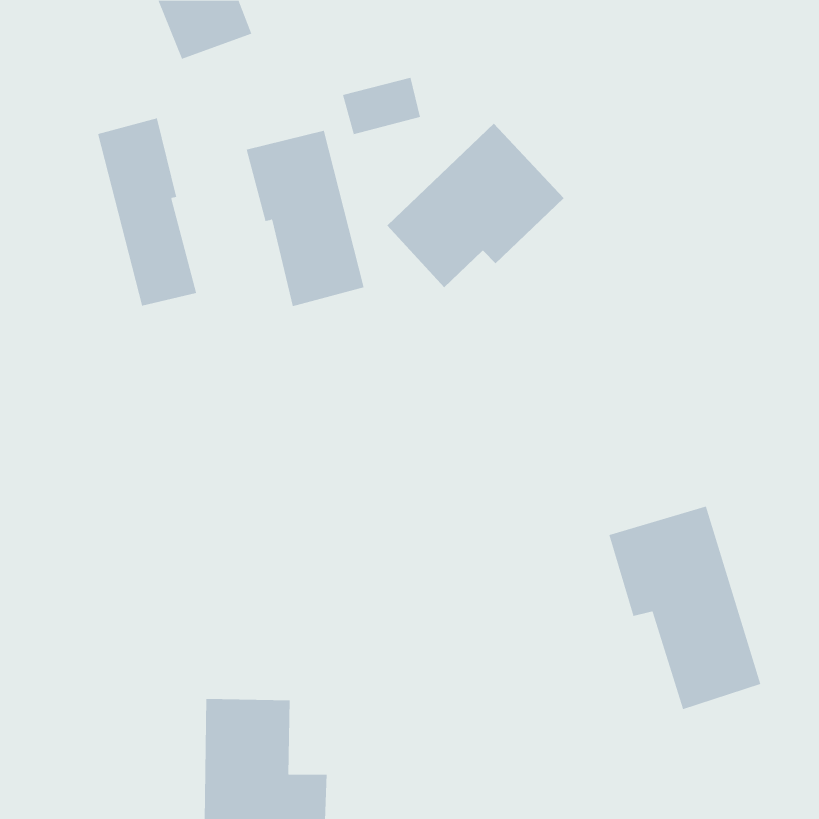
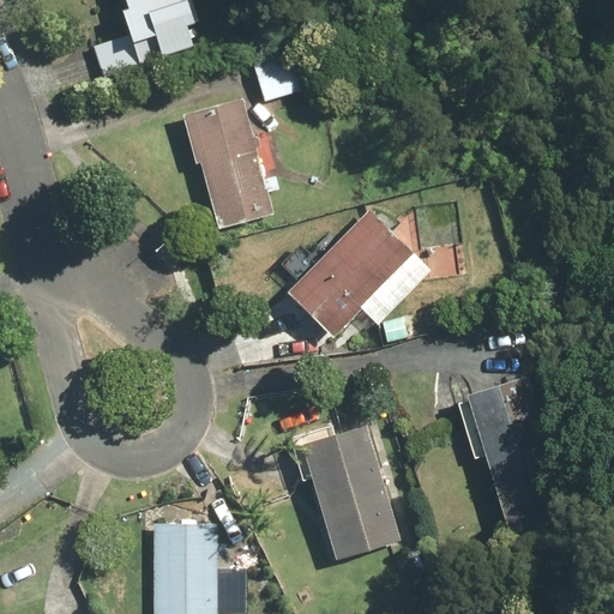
building: [98,118,197,307] -> none
building: [386,123,565,288] -> [288,213,421,337]
building: none -> [300,423,401,560]

